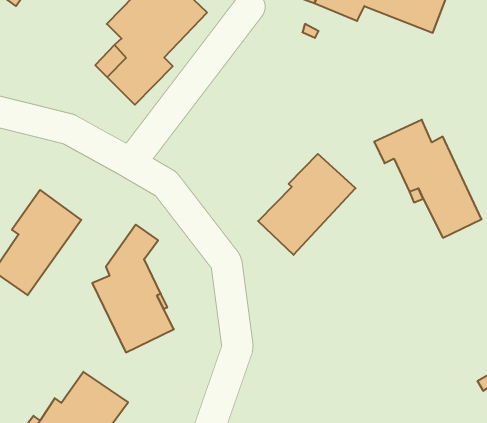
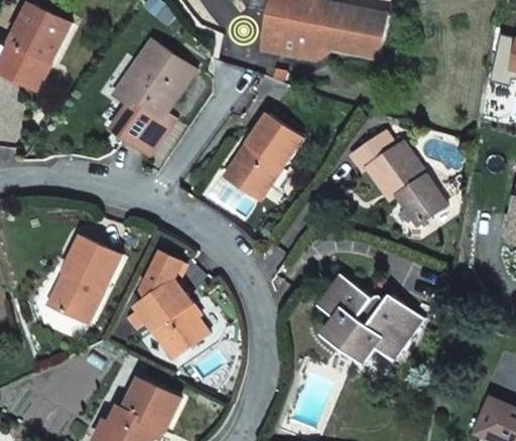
building: [258,154,356,255] -> [224,114,299,199]
building: none -> [315,274,421,362]

